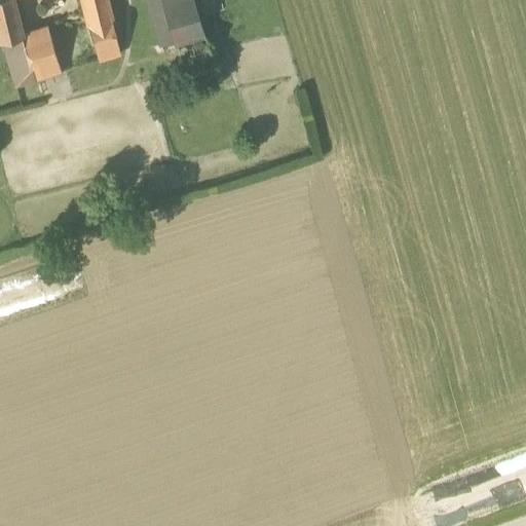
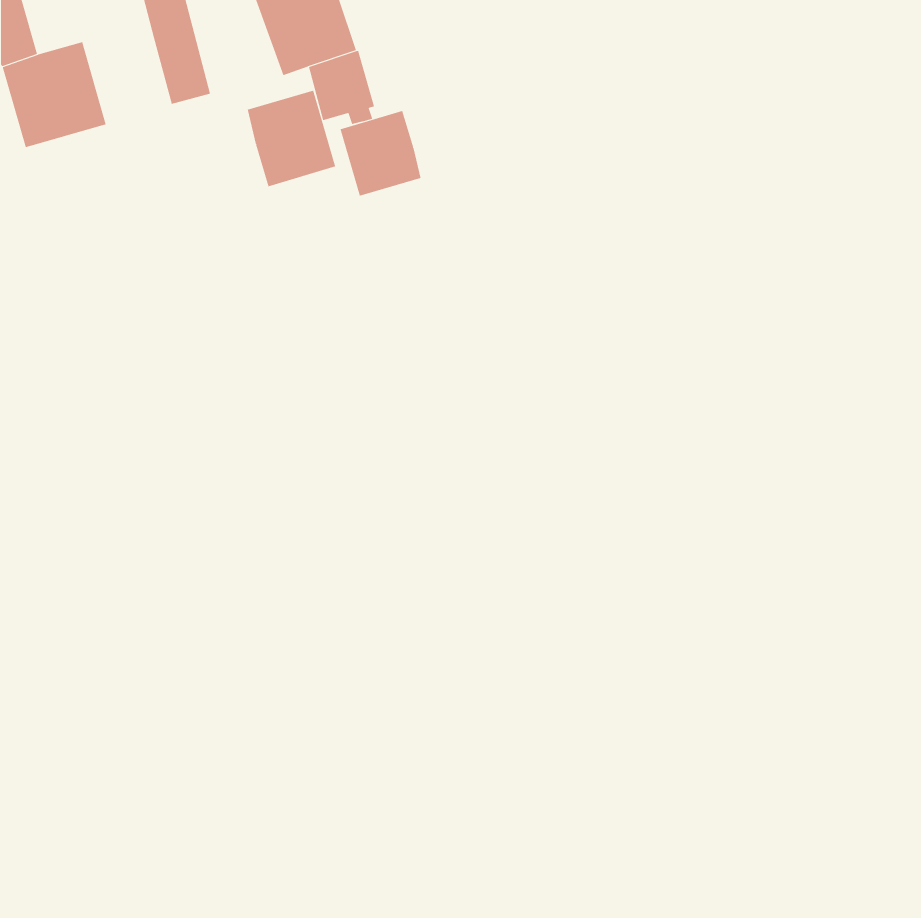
building: none -> [247,90,336,187]
building: none -> [340,110,421,196]

